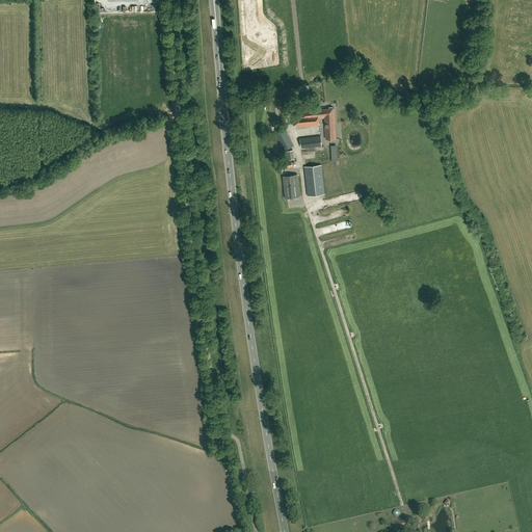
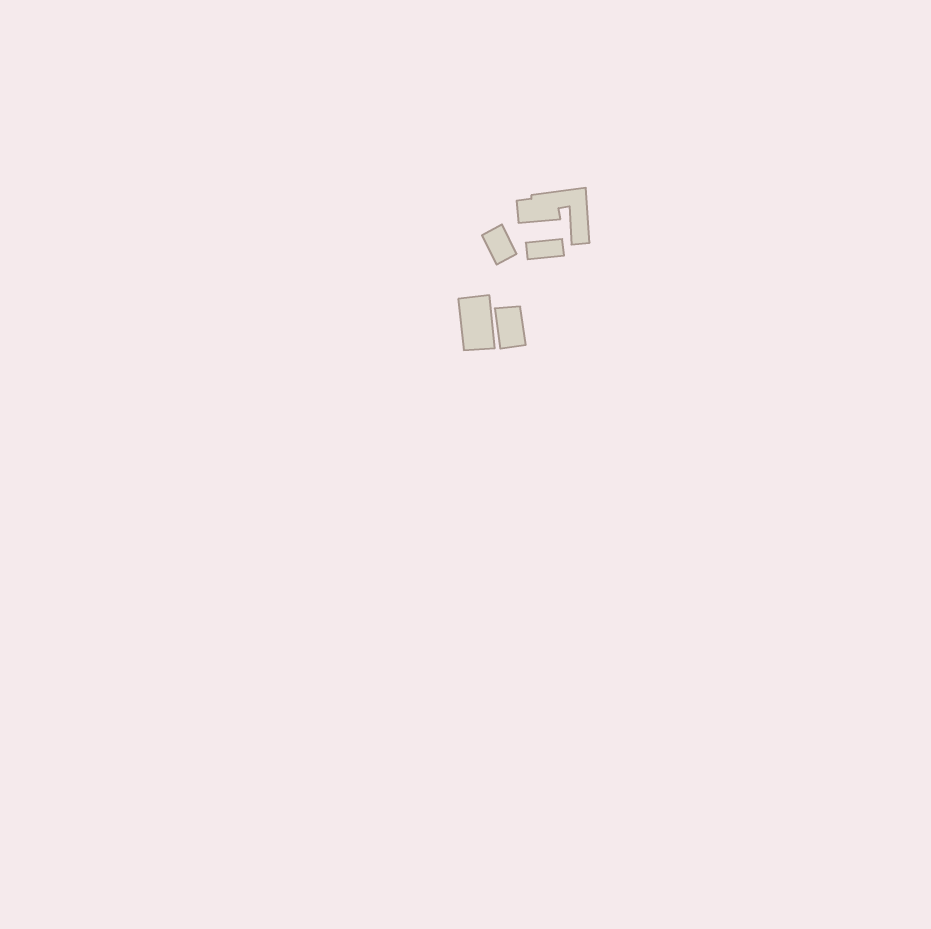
building: [304,166,325,197] -> [458,295,495,350]

